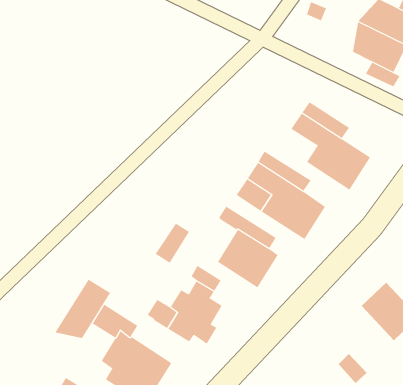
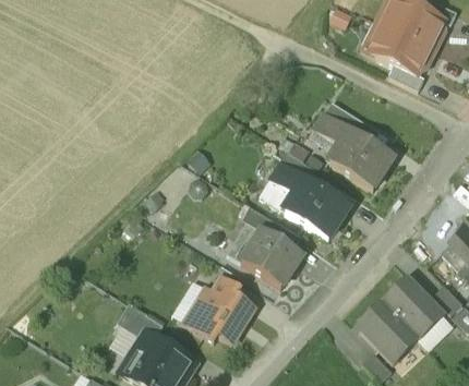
building: [155,223,190,264] -> [225,222,260,263]
building: [54,279,111,339] -> none
building: none -> [358,306,416,365]

